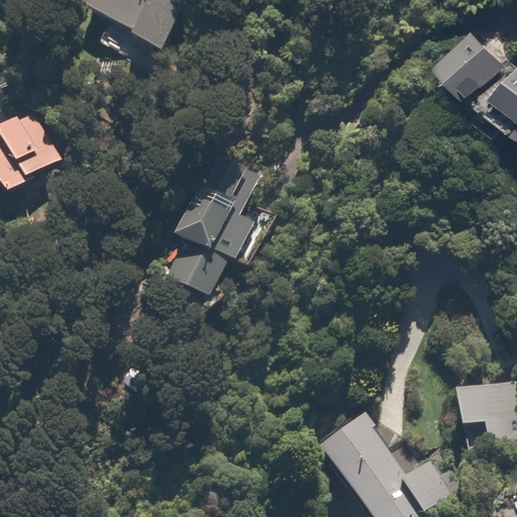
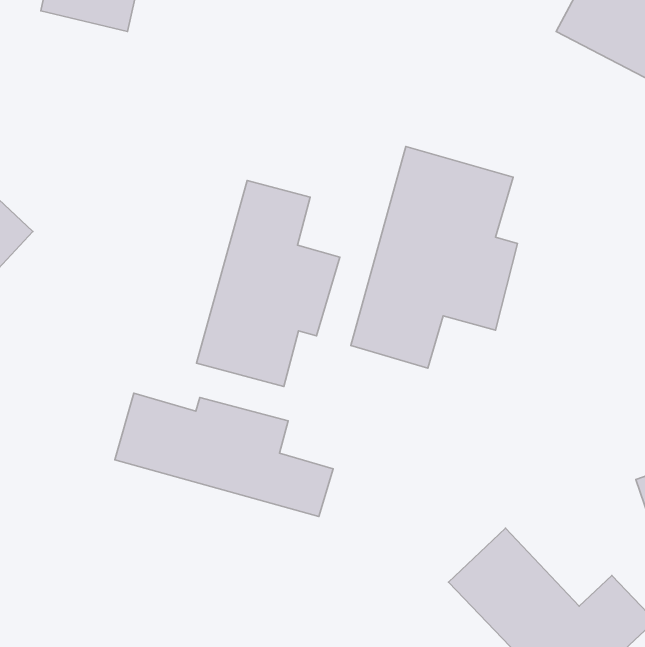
building: none -> [351,147,518,368]
building: none -> [115,393,333,517]

